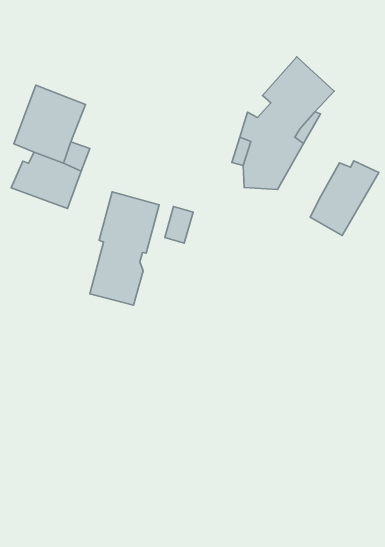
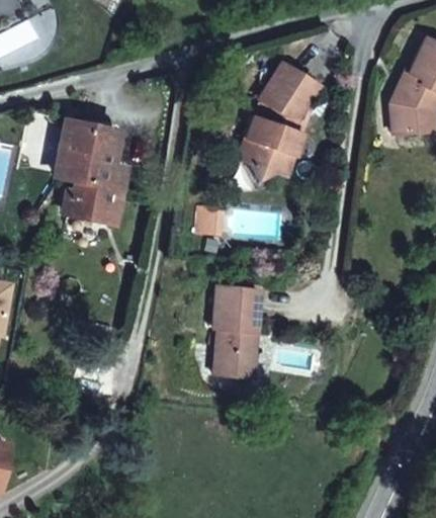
building: [310,161,379,236] -> none
building: [90,192,159,305] -> [214,284,260,376]

